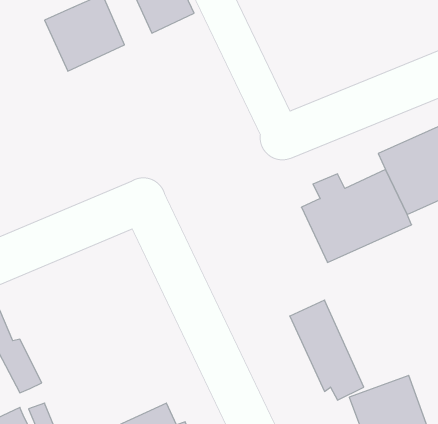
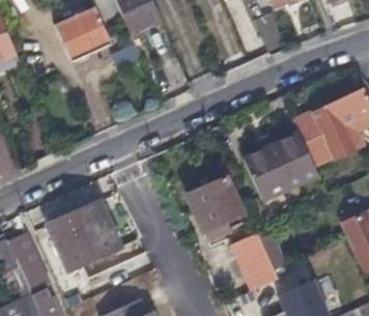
building: none -> [187,177,243,241]
building: none -> [46,198,118,267]

